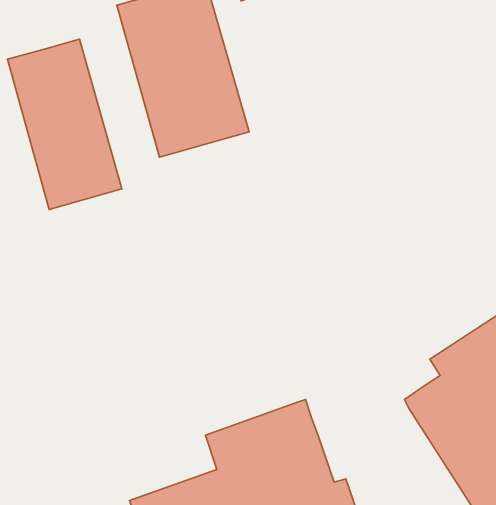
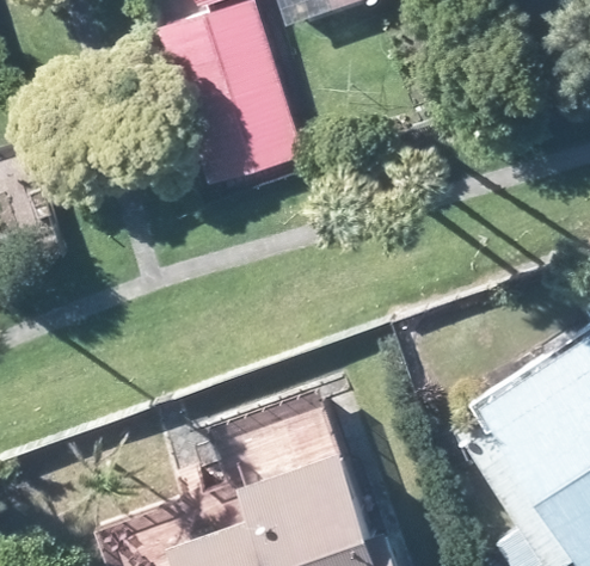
building: [7,39,122,209] -> none

